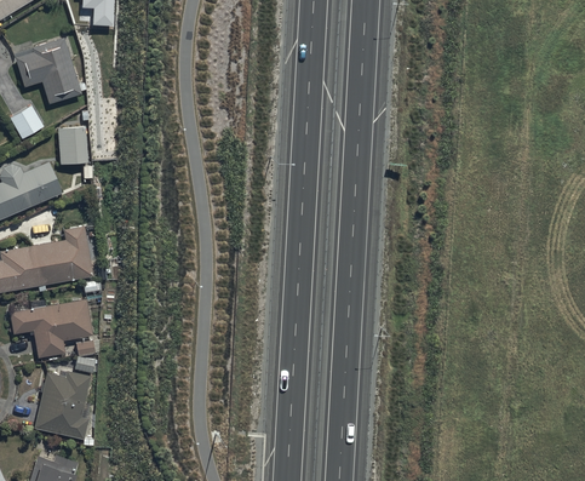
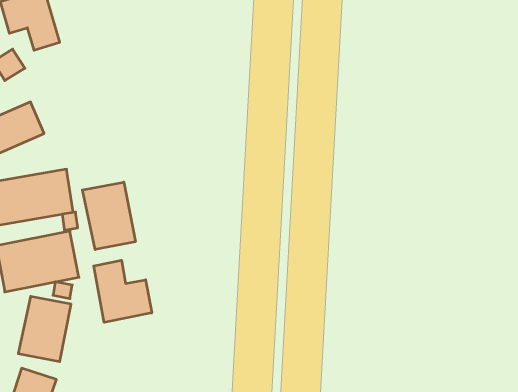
building: [56,122,86,161] -> none
building: none -> [82,182,135,250]
building: none -> [94,260,152,322]

